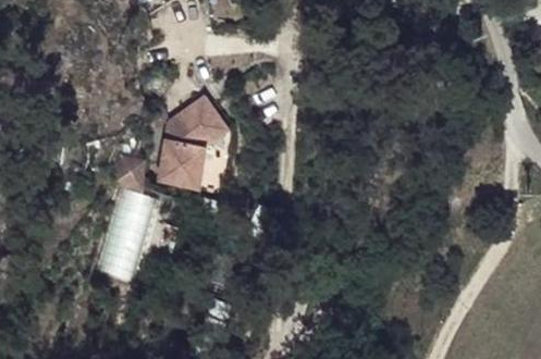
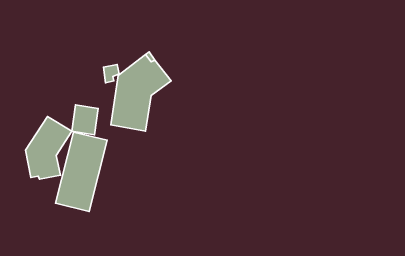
building: none -> [26,117,72,179]

